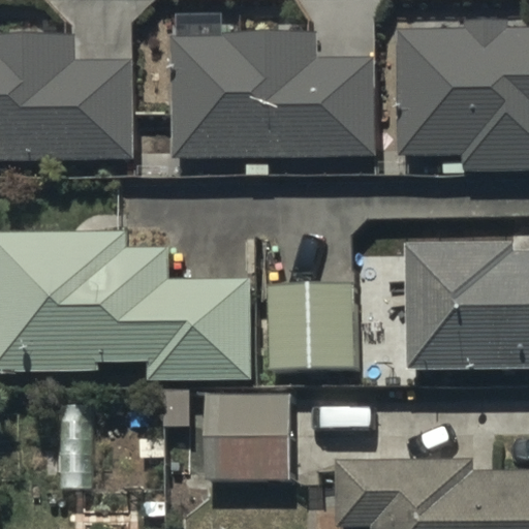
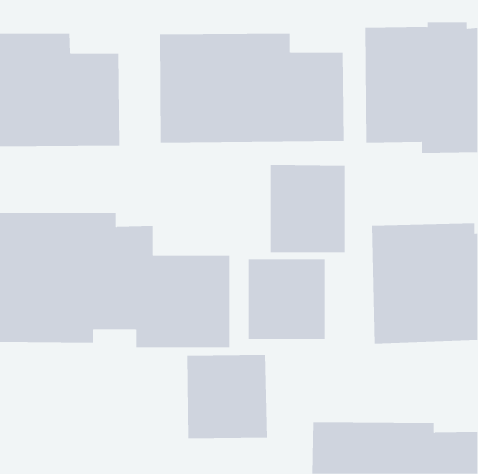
building: none -> [270,164,345,253]

